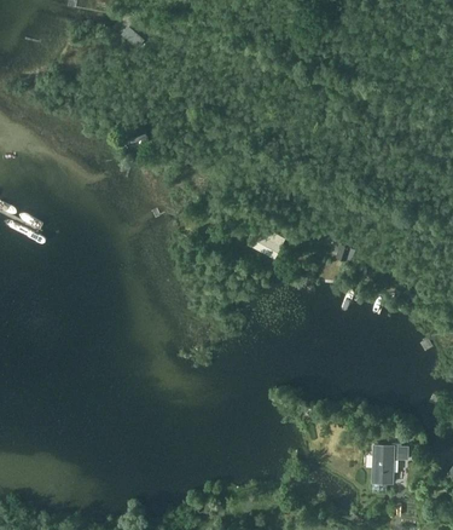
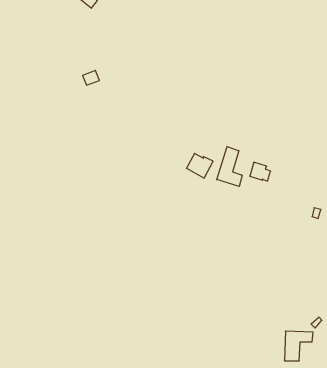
building: none -> [217,146,242,186]

